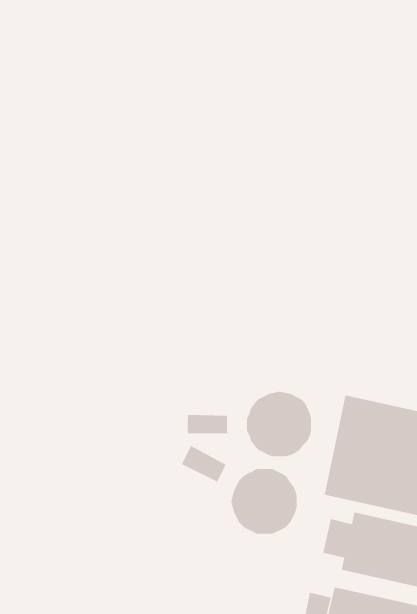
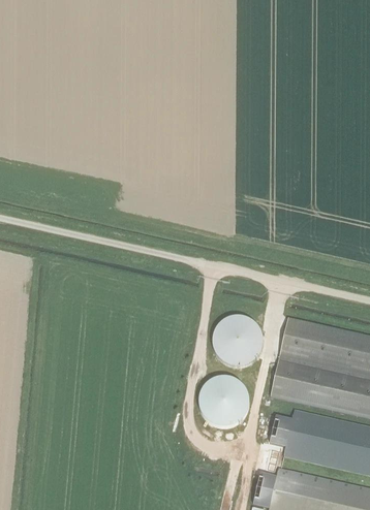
building: [187,414,228,434] -> none
building: [181,445,226,483] -> none

